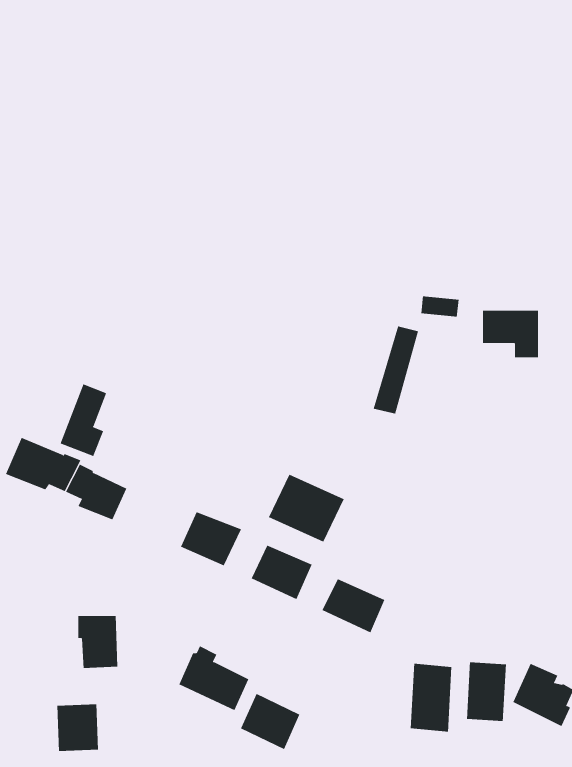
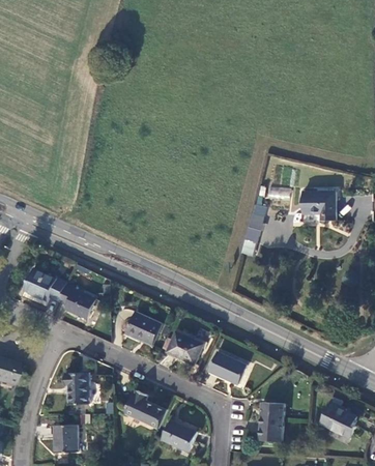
building: [60,384,107,457] -> none
building: [268,474,345,543] -> none
building: [466,661,506,722] -> none

